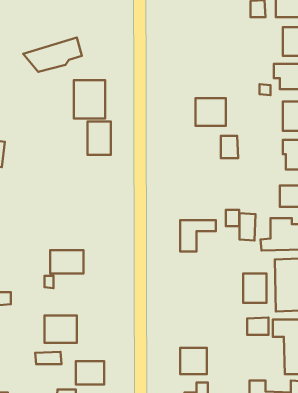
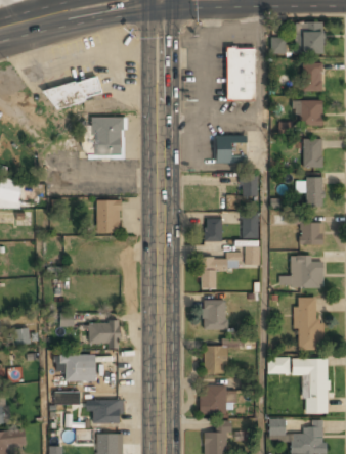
building: none -> [227,47,255,100]
building: [87,122,111,155] -> [97,199,121,233]
building: none -> [205,218,222,241]
building: [239,213,256,240] -> [242,211,258,238]
building: [50,250,84,274] -> [87,322,121,346]
building: [243,274,267,303] -> [204,300,227,329]
building: none -> [205,346,226,373]

